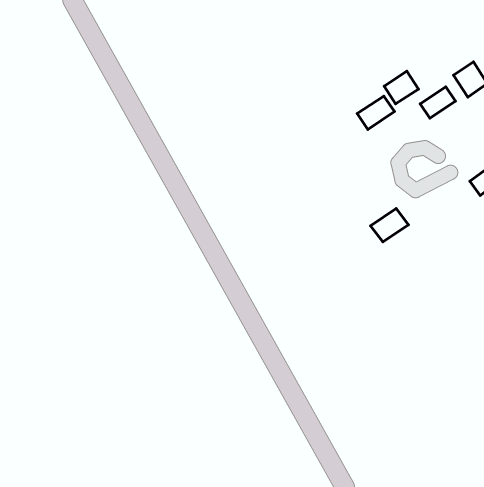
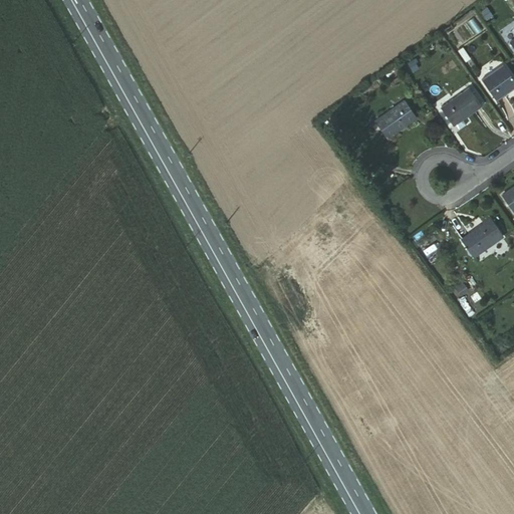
building: [384,71,418,104] -> none
building: [370,209,409,242] -> [460,219,500,254]

